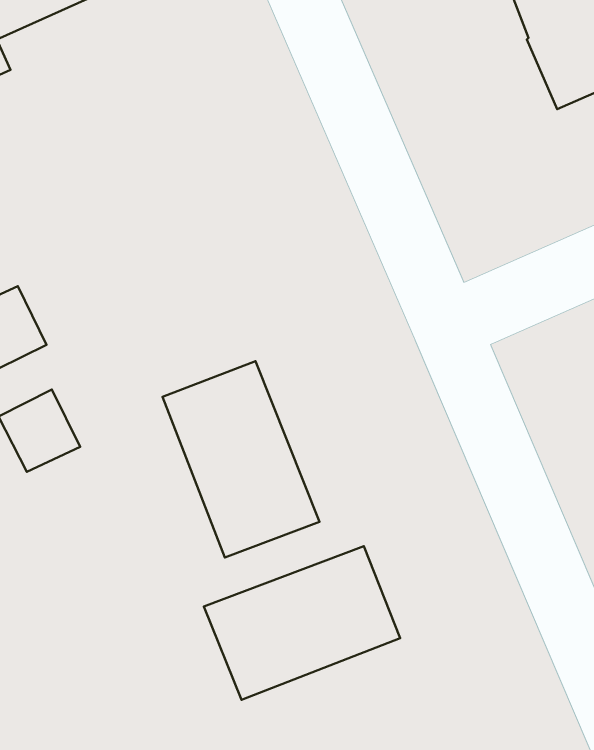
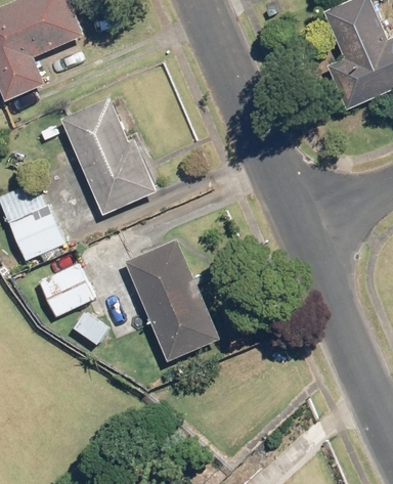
building: none -> [63,98,150,210]
building: [204,546,400,700] -> none

